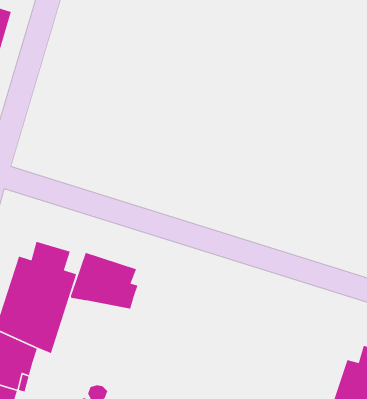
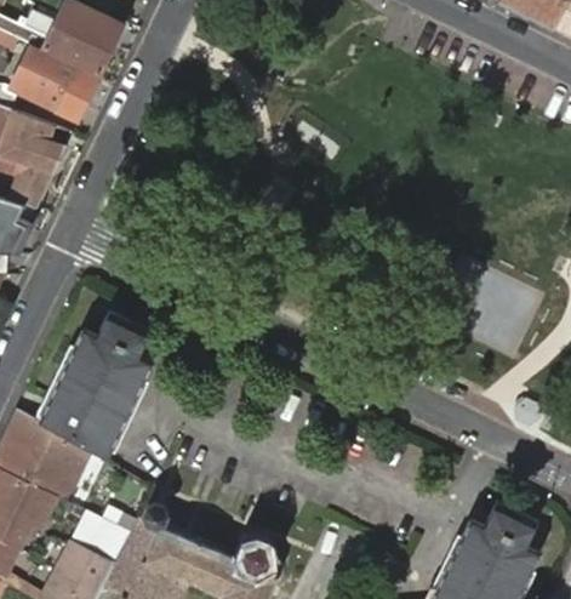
building: [70,252,139,310] -> none

